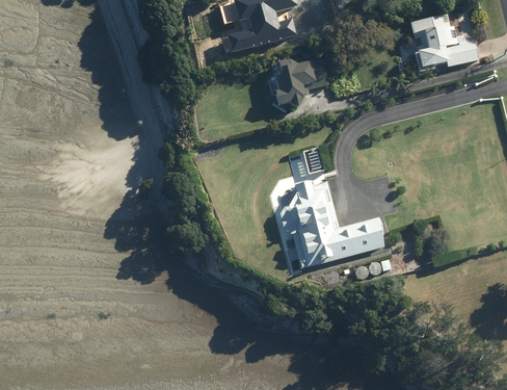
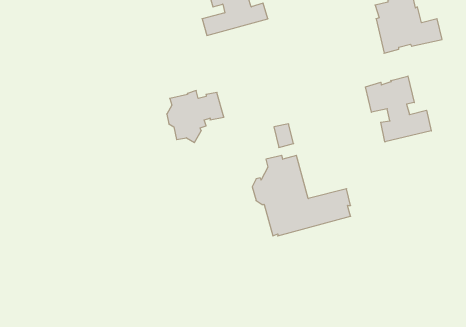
building: [267,55,327,110] -> [167,91,224,143]
building: none -> [366,76,431,142]

